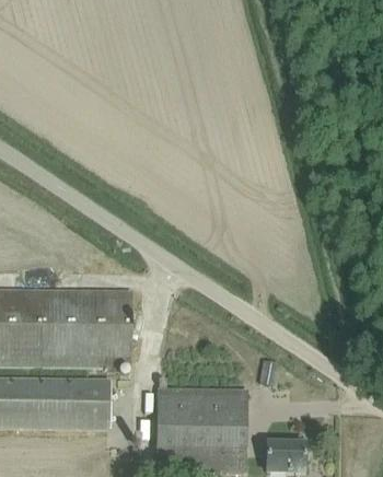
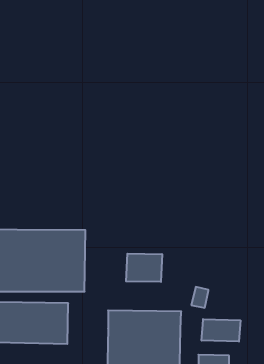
building: none -> [126,254,162,282]
building: none -> [202,319,240,342]

